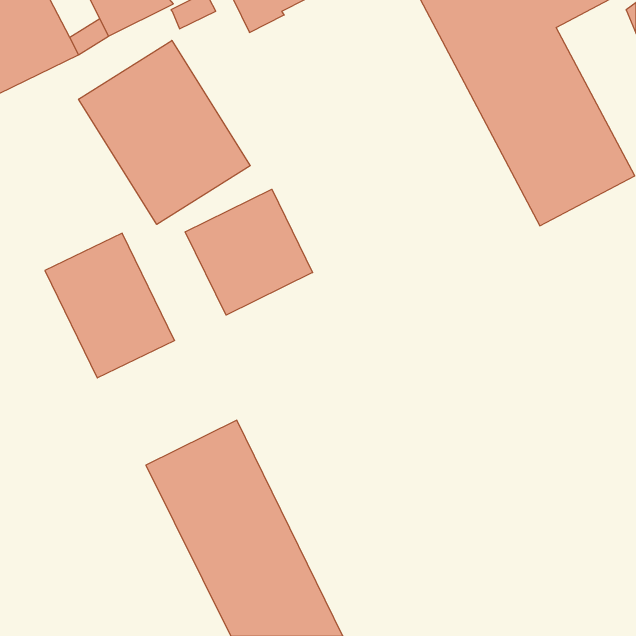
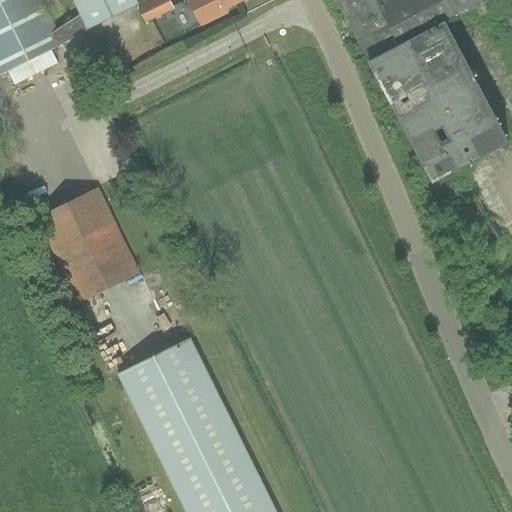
building: [79,40,250,224] -> none
building: [185,189,313,315] -> none

